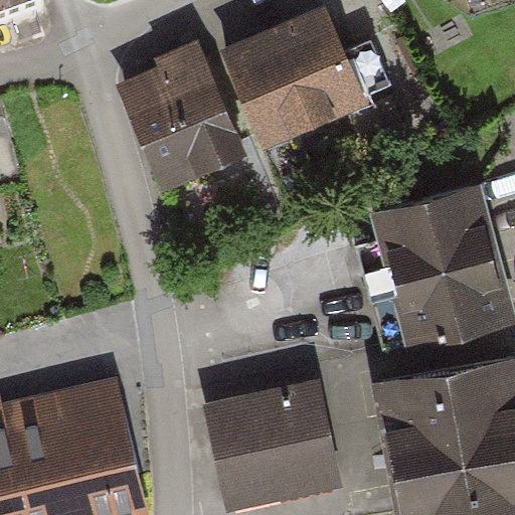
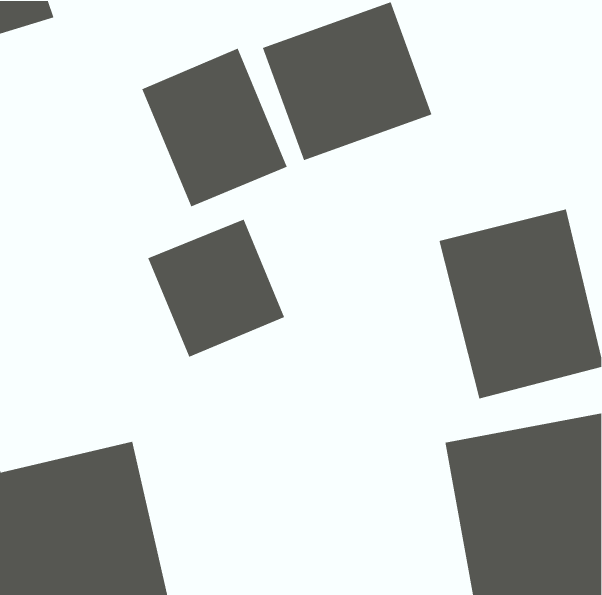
building: none -> [147,218,285,358]
building: [206,383,338,507] -> none

